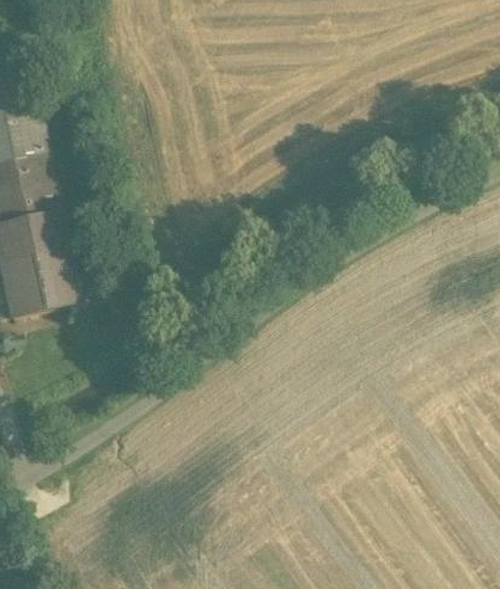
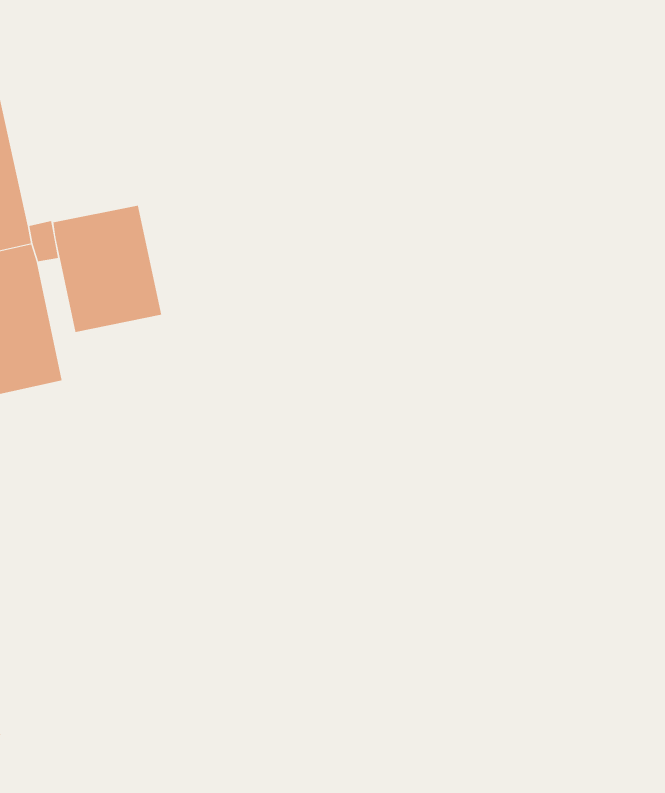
building: none -> [53,205,162,333]

